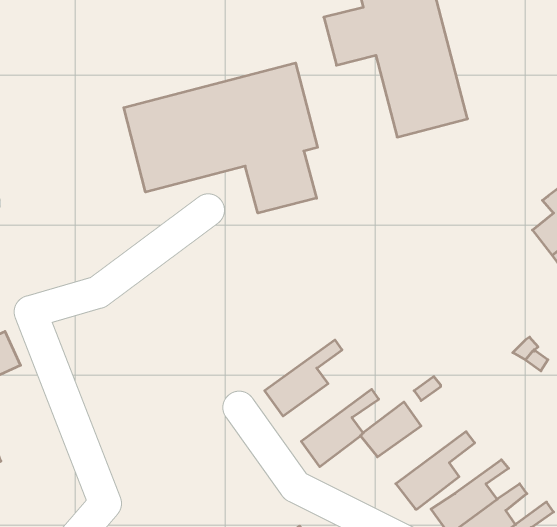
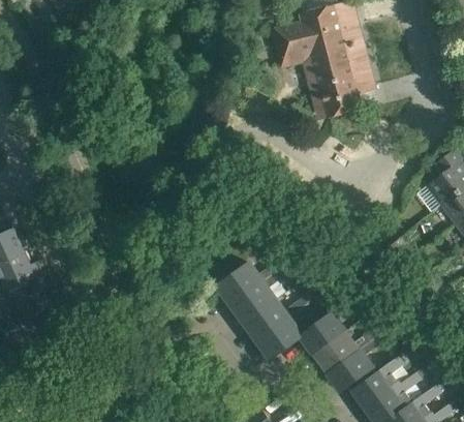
building: [124,63,318,213] -> none
building: none -> [216,260,281,303]
building: none -> [243,296,308,340]
building: none -> [312,328,377,371]

